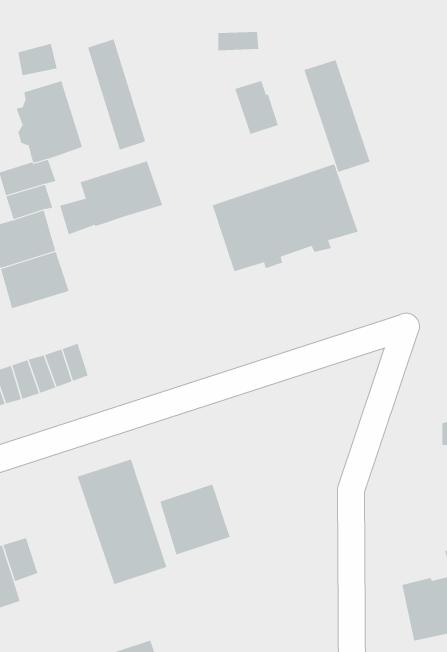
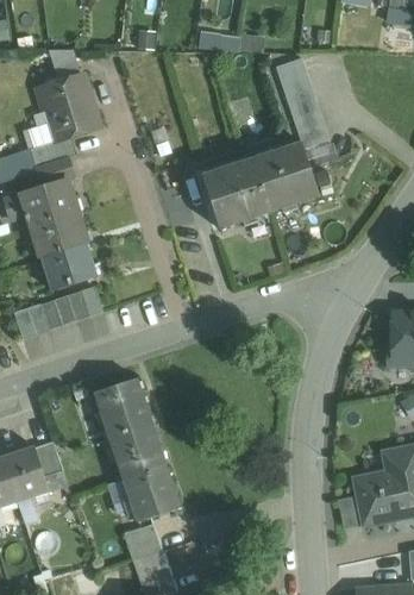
building: [87,38,146,150] -> none
building: [234,80,279,135] -> none
building: [60,161,163,235] -> none
building: none -> [40,244,98,293]
building: [159,484,231,555] -> [123,465,180,522]

